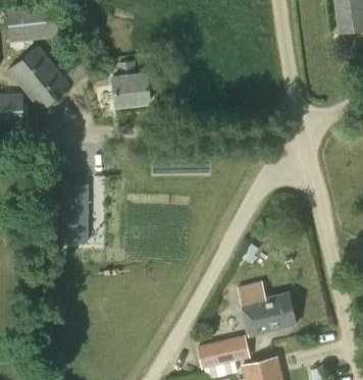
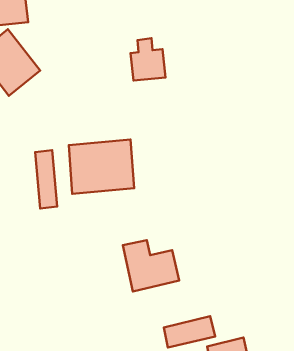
building: [112,62,148,105] -> [130,38,166,80]
building: none -> [69,140,134,194]
building: [238,283,295,335] -> [123,240,179,292]

